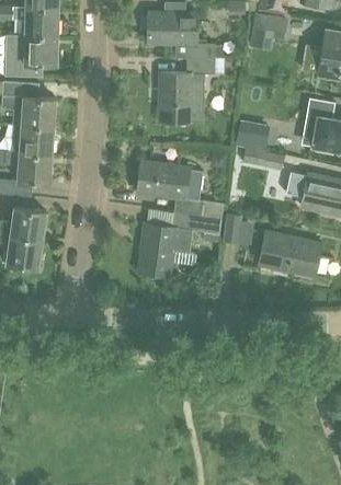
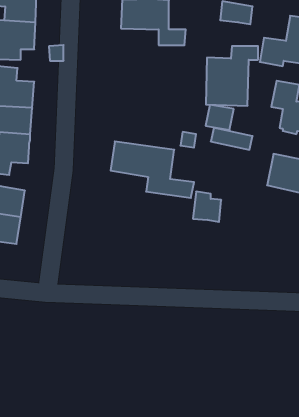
building: [159,60,214,123] -> [206,46,258,106]
building: [138,213,220,277] -> none
building: [258,232,321,277] -> none

